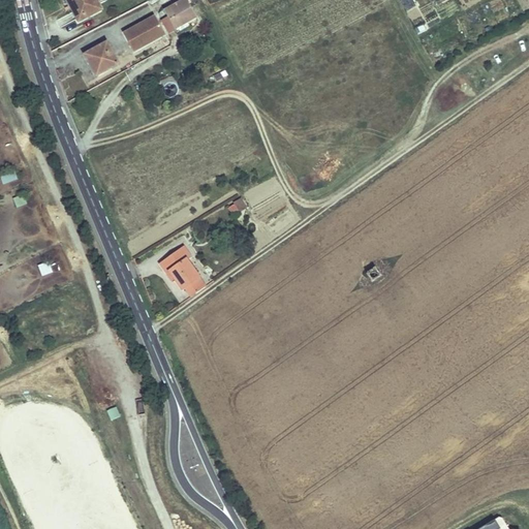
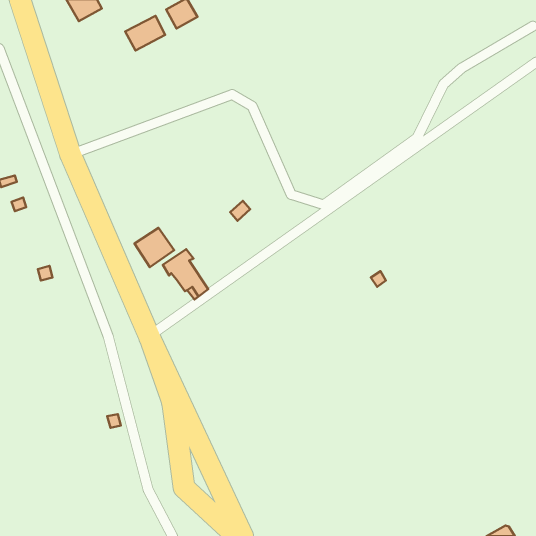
building: [84,41,117,74] -> none
building: none -> [134,228,174,267]

